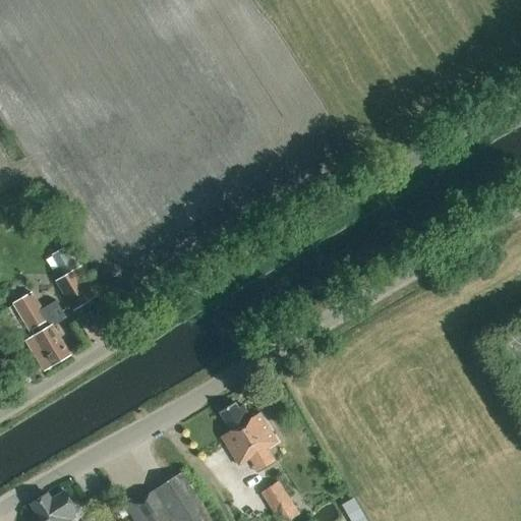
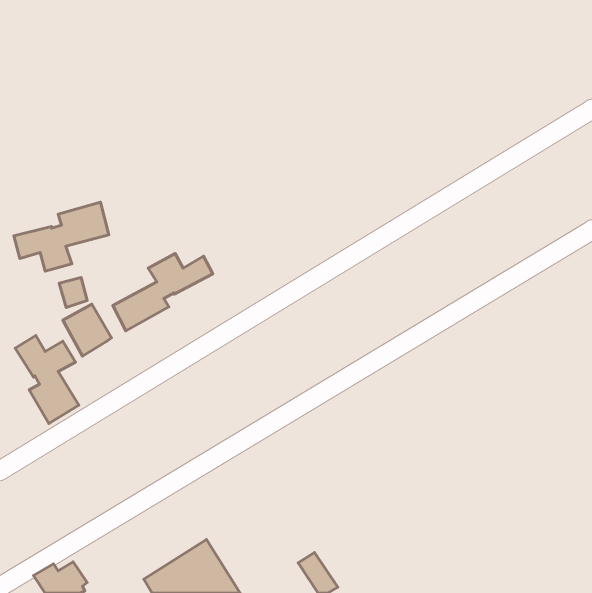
building: none -> [14,202,109,271]
building: none -> [113,254,213,331]
building: [220,404,277,466] -> none

